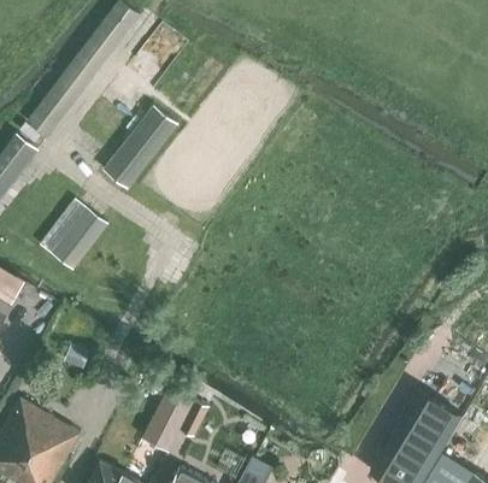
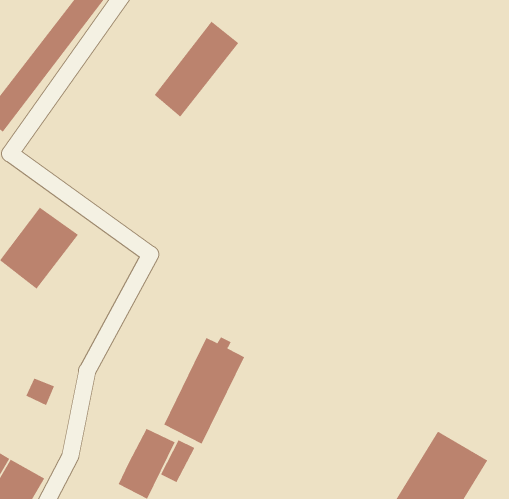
building: [105,106,178,189] -> [154,21,239,117]
building: none -> [163,336,245,445]

